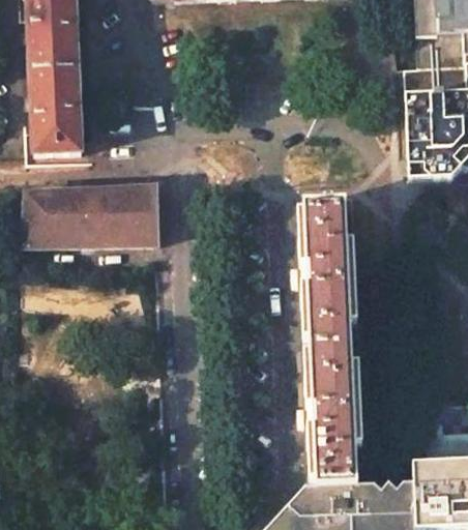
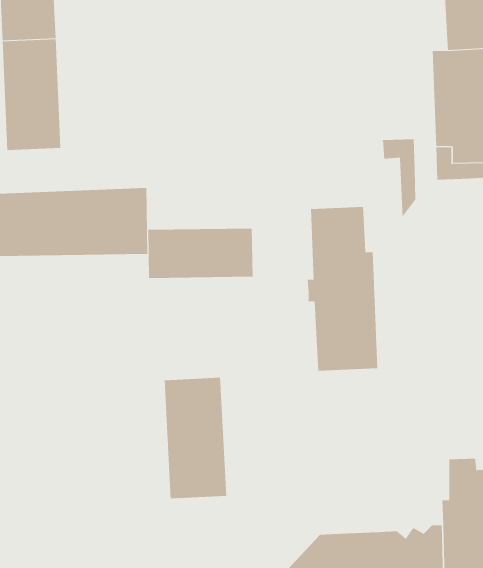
building: none -> [382,138,416,218]
building: none -> [148,228,253,279]
building: [301,347,362,491] -> none
building: none -> [164,377,227,499]

